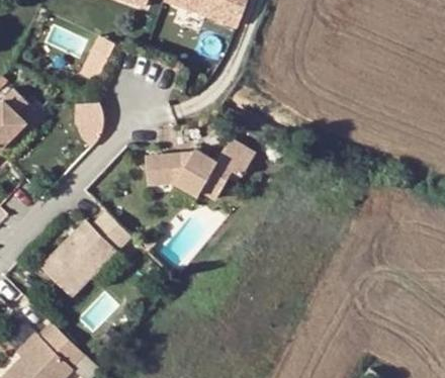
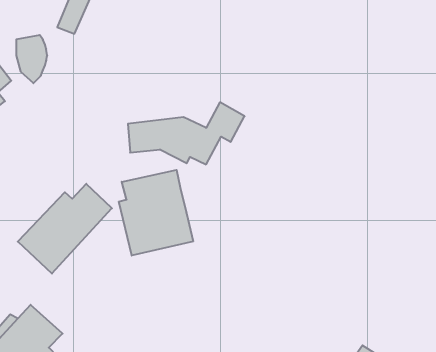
building: [74,99,103,145] -> [16,35,47,83]
building: none -> [119,170,193,256]

